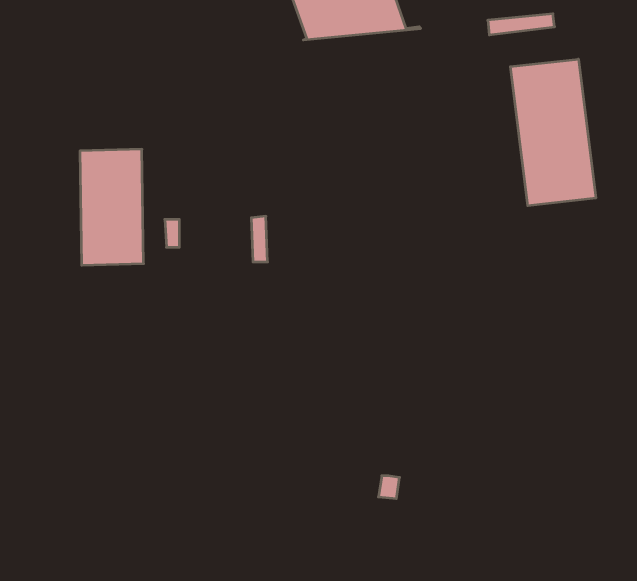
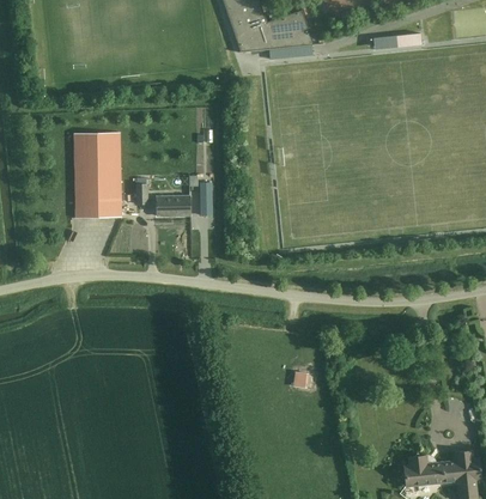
building: [510,59,596,206] -> none
building: none -> [157,196,190,217]

